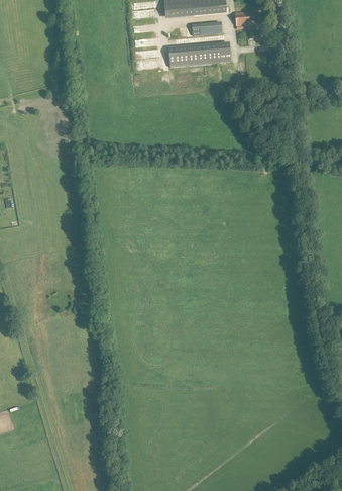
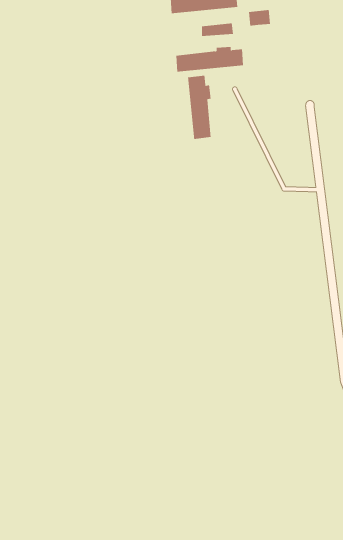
building: none -> [188,75,211,140]

